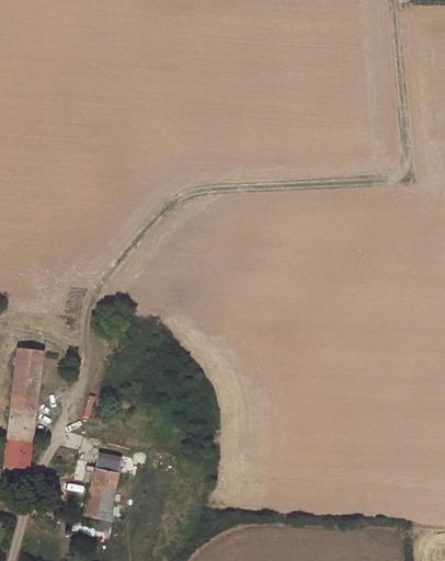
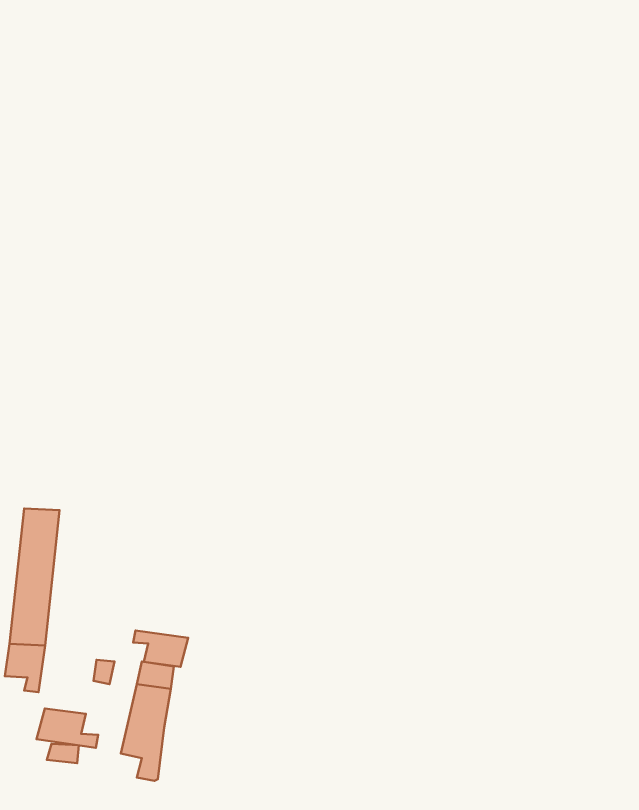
building: none -> [133,630,188,667]
building: none -> [36,708,98,748]

